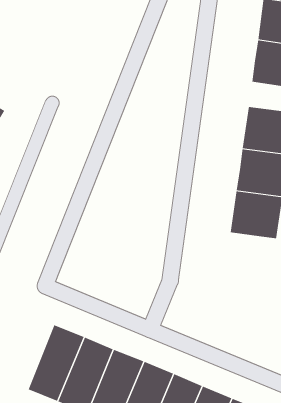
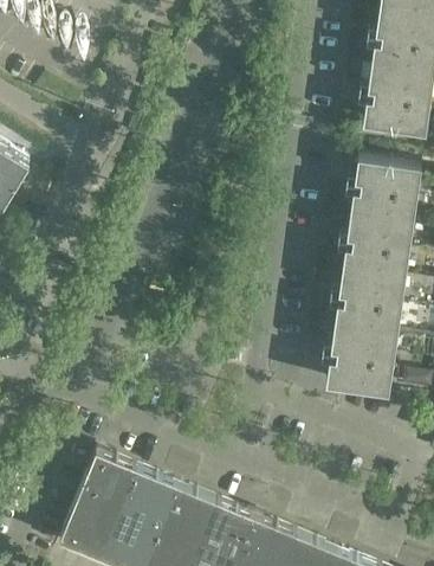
building: none -> [325,330,397,395]

